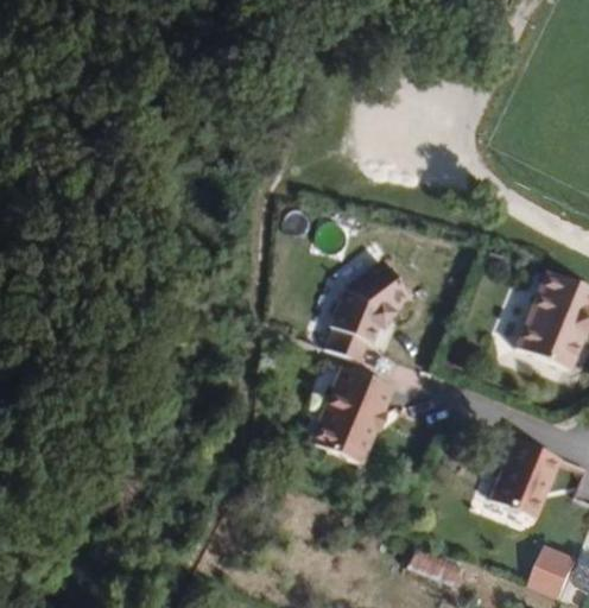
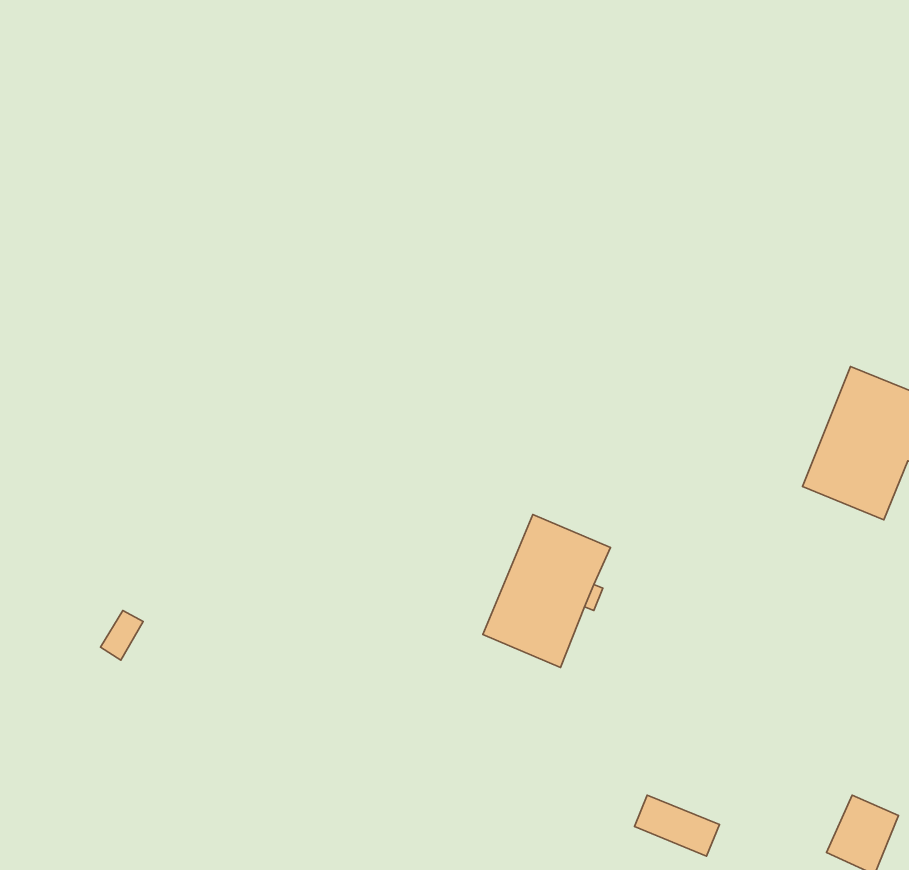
building: [327,259,410,362] -> none
building: [492,438,562,518] -> none

